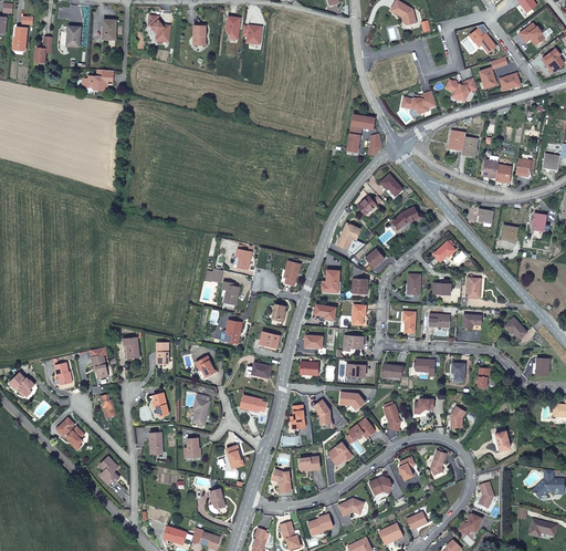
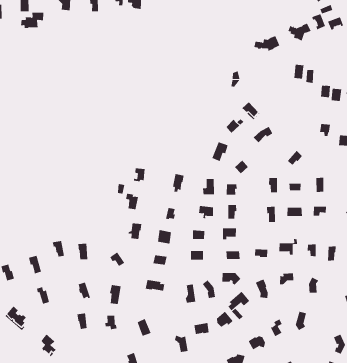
building: [81,70,113,91] -> [20,12,44,29]
building: [346,115,374,152] -> none

